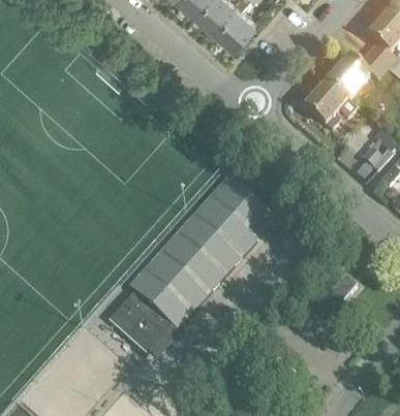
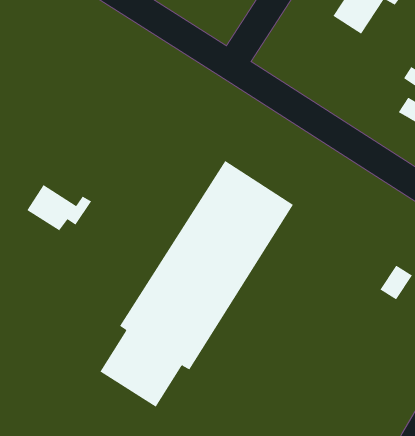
building: [300,85,351,133] -> none
building: none -> [27,184,92,231]

